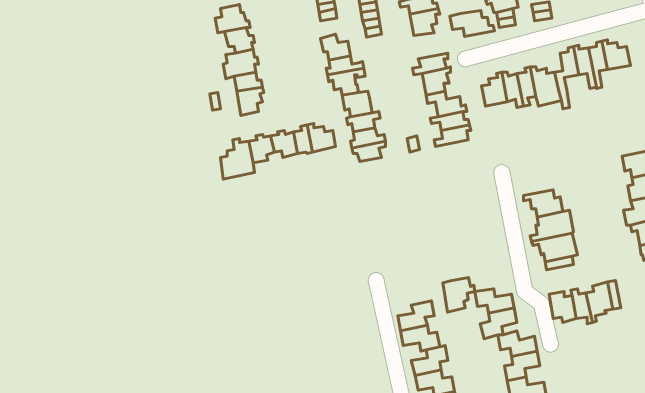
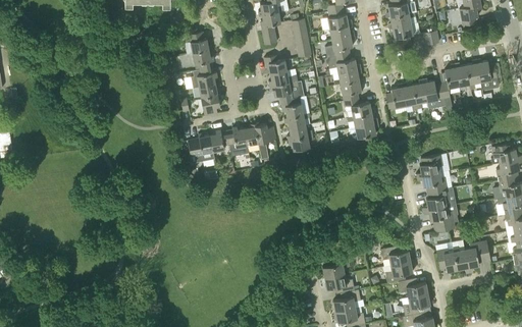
building: [450,11,494,36] -> [326,54,360,73]
building: none -> [416,155,442,176]
building: [443,278,475,312] -> none

